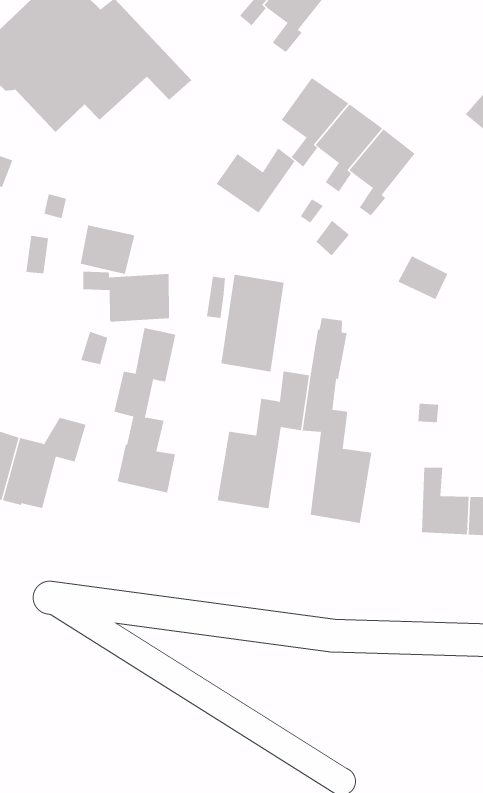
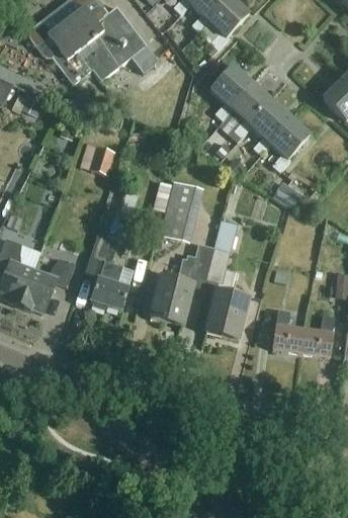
building: [216,148,295,213] -> none
building: none -> [268,117,310,170]
building: [83,271,170,322] -> none

